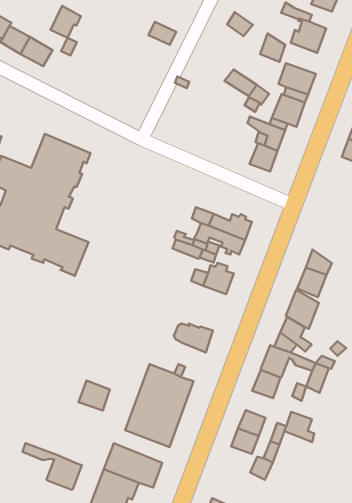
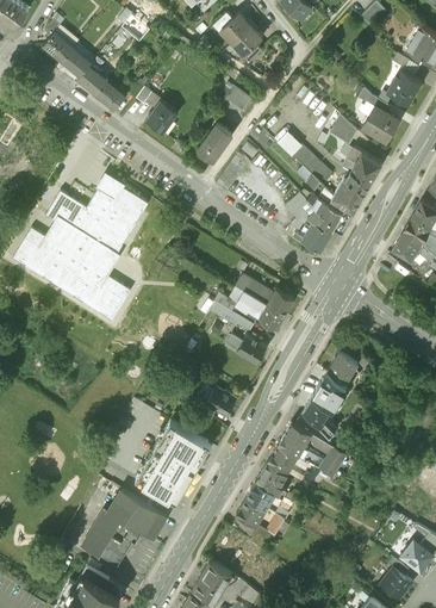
building: [50,6,81,38] -> [145,100,177,132]
building: none -> [198,124,232,162]
building: [79,381,110,410] -> none
building: [285,412,314,442] -> [257,464,286,497]
building: [23,443,82,490] -> none

